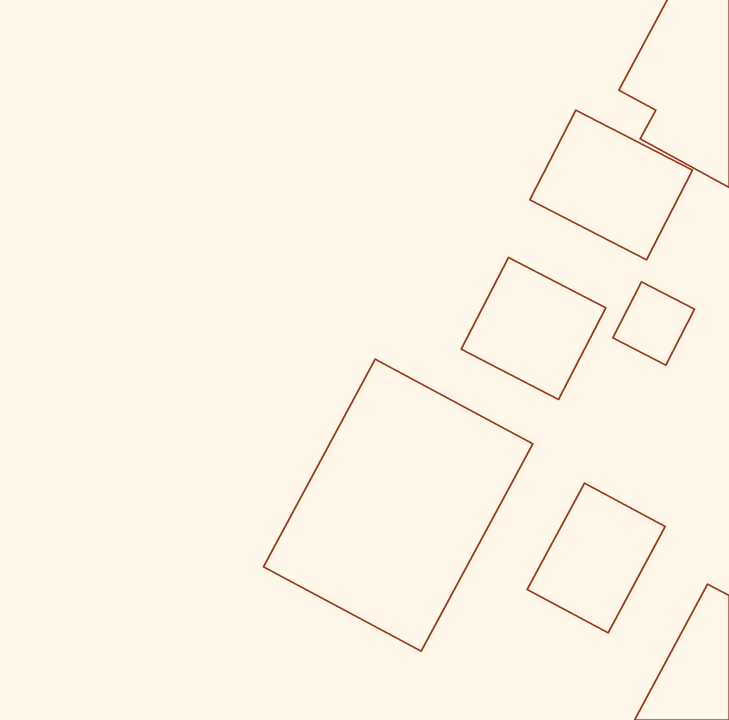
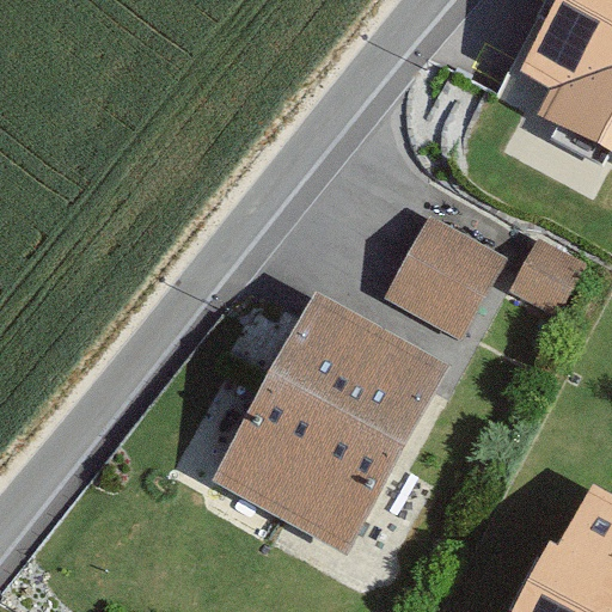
building: [530,110,692,260] -> none
building: [527,483,665,633] -> none

